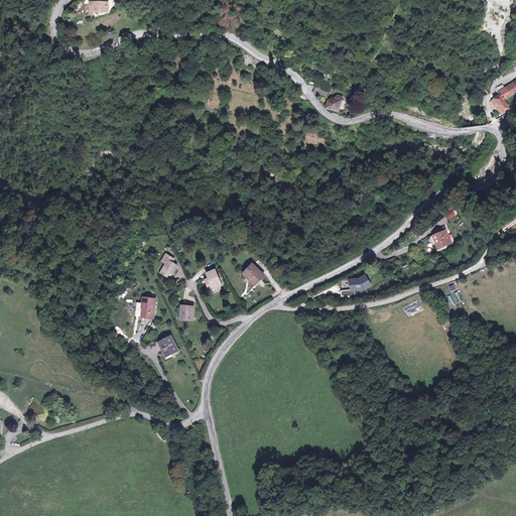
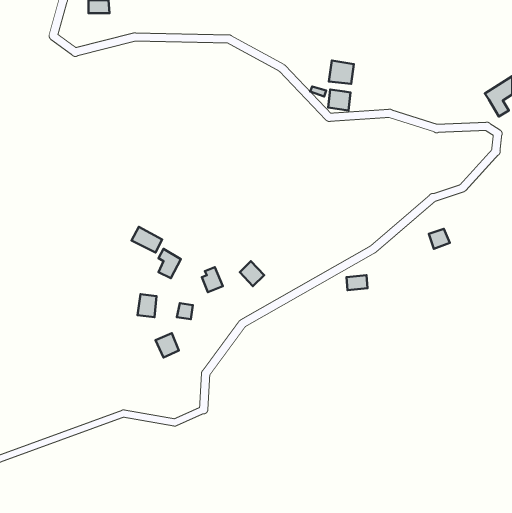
building: none -> [329,60,354,84]
building: none -> [132,227,162,252]

